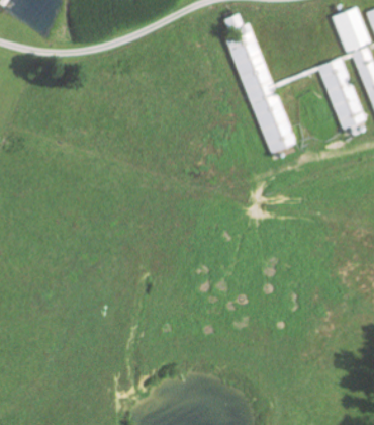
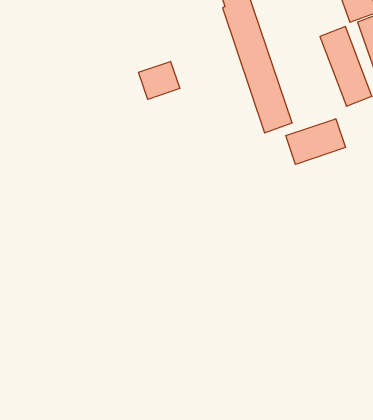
building: none -> [139,61,180,99]
building: none -> [286,119,346,164]

